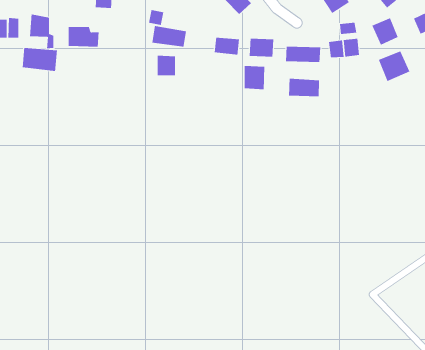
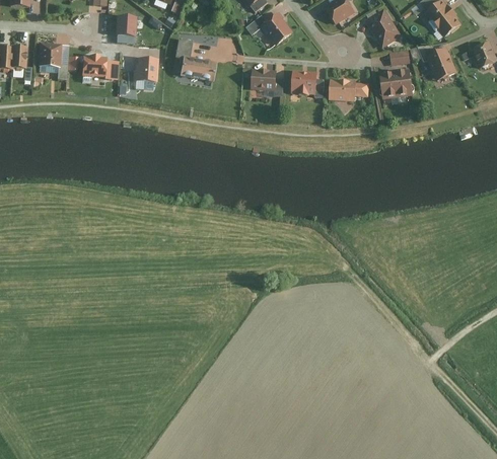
building: [22,47,58,72] -> none
building: [378,50,410,82] -> none
building: [157,55,176,76] -> [134,59,155,82]
building: [244,65,265,90] -> none
building: [289,78,319,97] -> none

